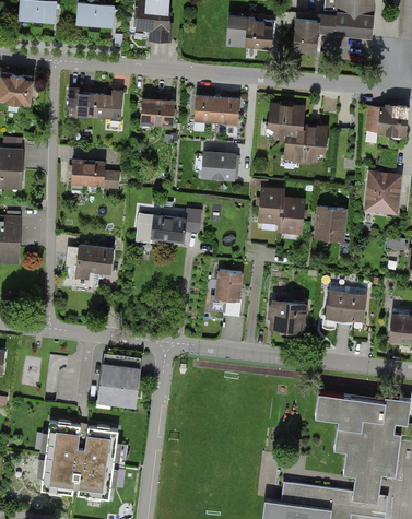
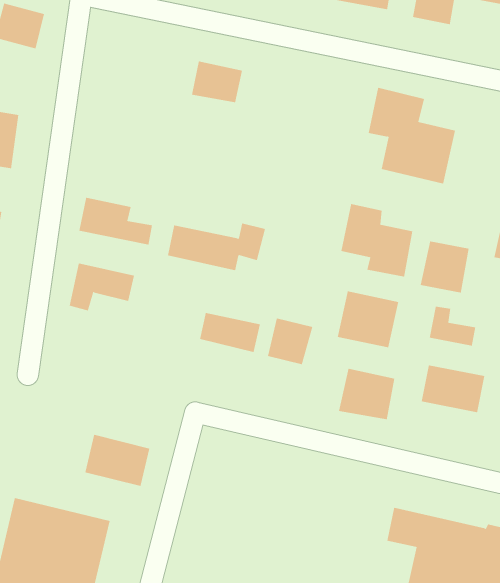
building: [69,89,123,118] -> none
building: [195,96,239,132] -> none
building: [199,152,236,177] -> none
building: [68,161,119,189] -> [78,197,153,245]
building: none -> [337,291,399,348]
building: none -> [429,306,476,347]
building: none -> [199,312,260,353]

